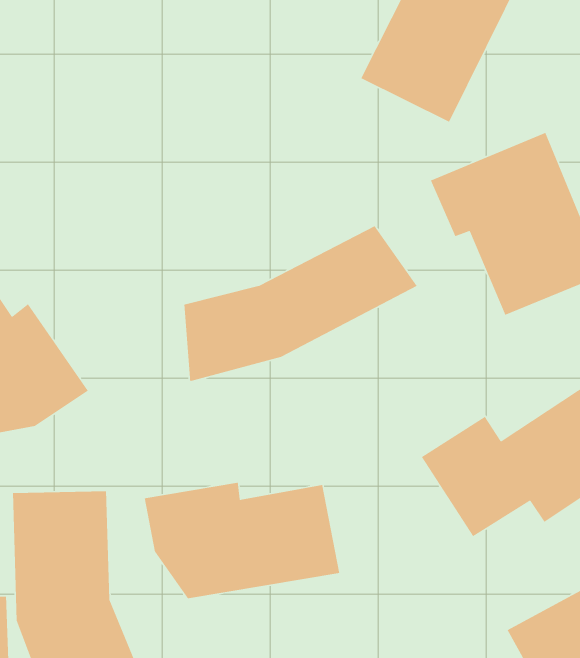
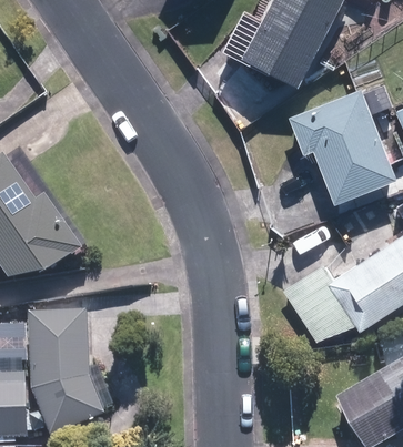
building: [183,225,418,382] -> none
building: [144,482,340,599] -> none

